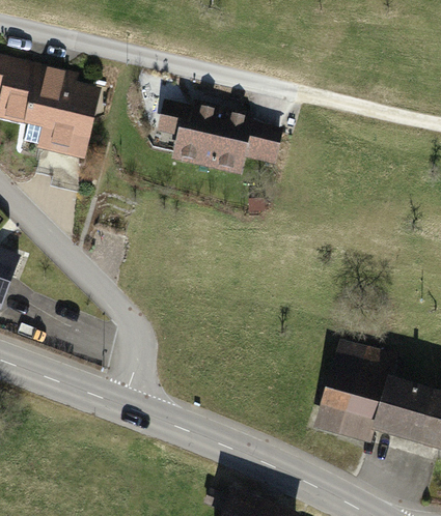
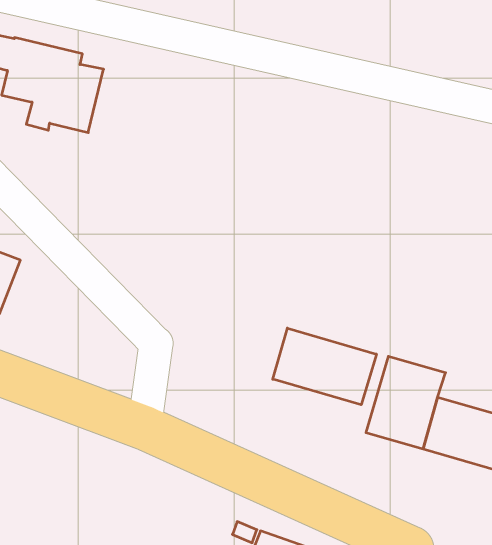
building: [163,106,280,171] -> none
building: none -> [273,328,376,405]

